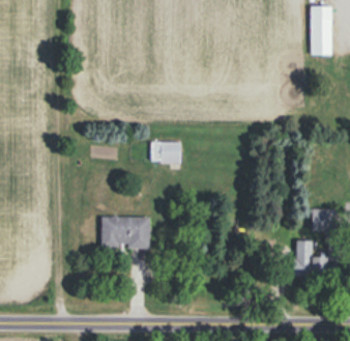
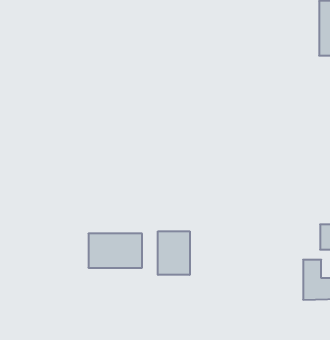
building: [151,141,180,163] -> none
building: none -> [158,231,190,275]

